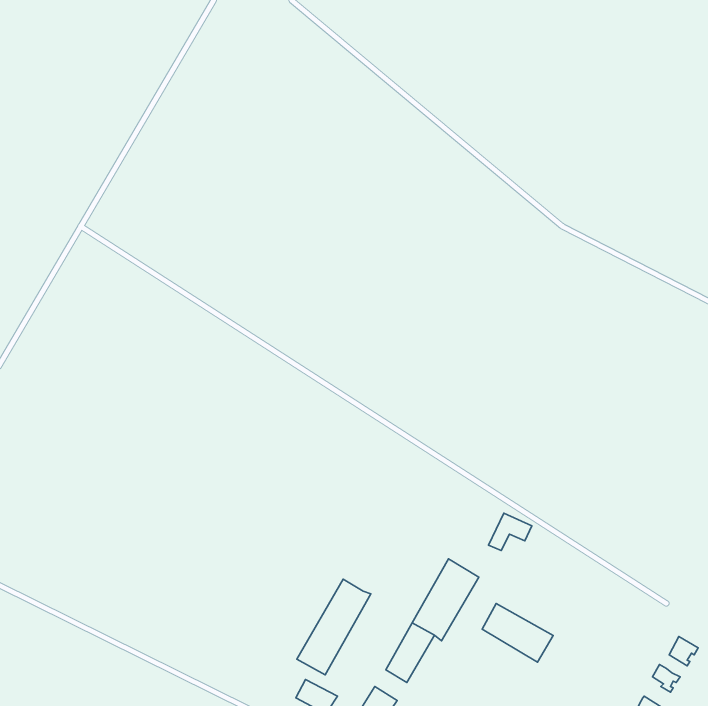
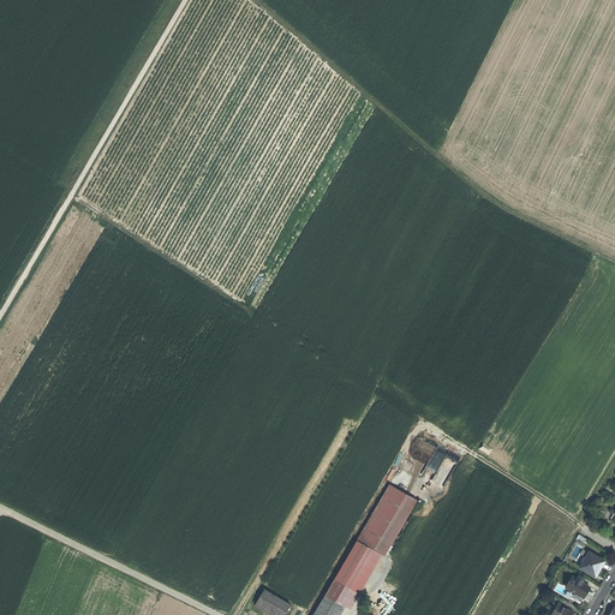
building: [297,579,371,675] -> none
building: [482,603,553,662] -> none

